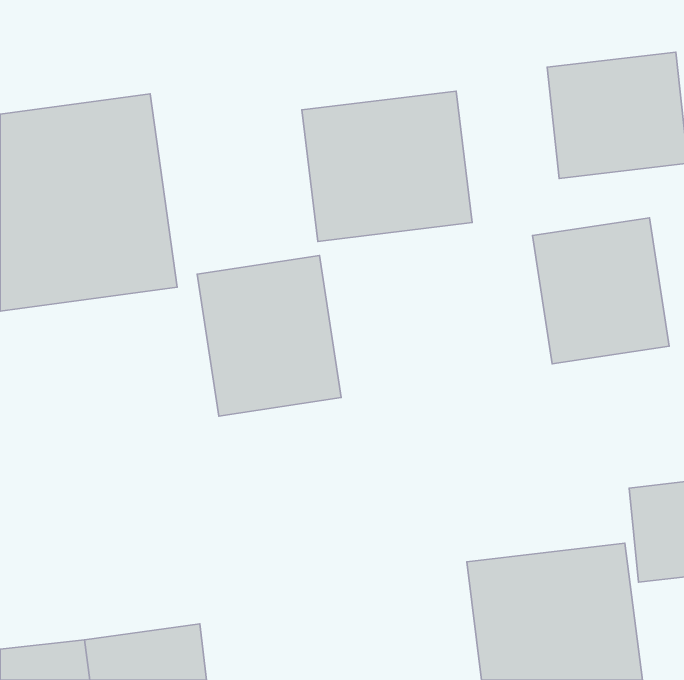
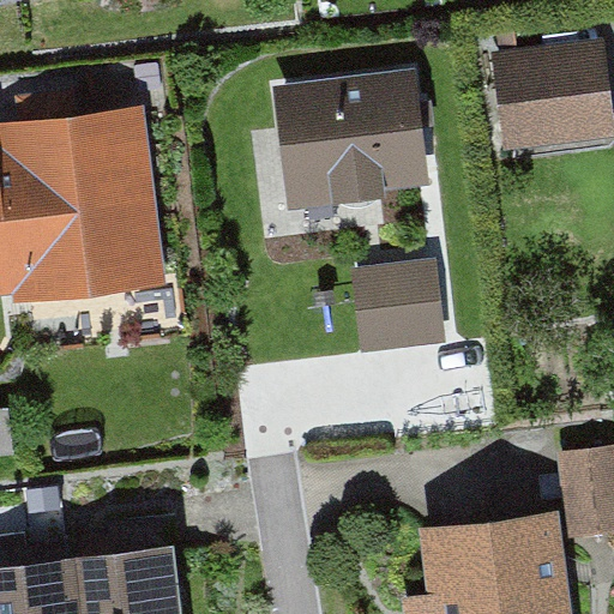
building: [532,218,669,364] -> none
building: [197,256,341,416] -> none
building: none -> [350,267,449,361]

